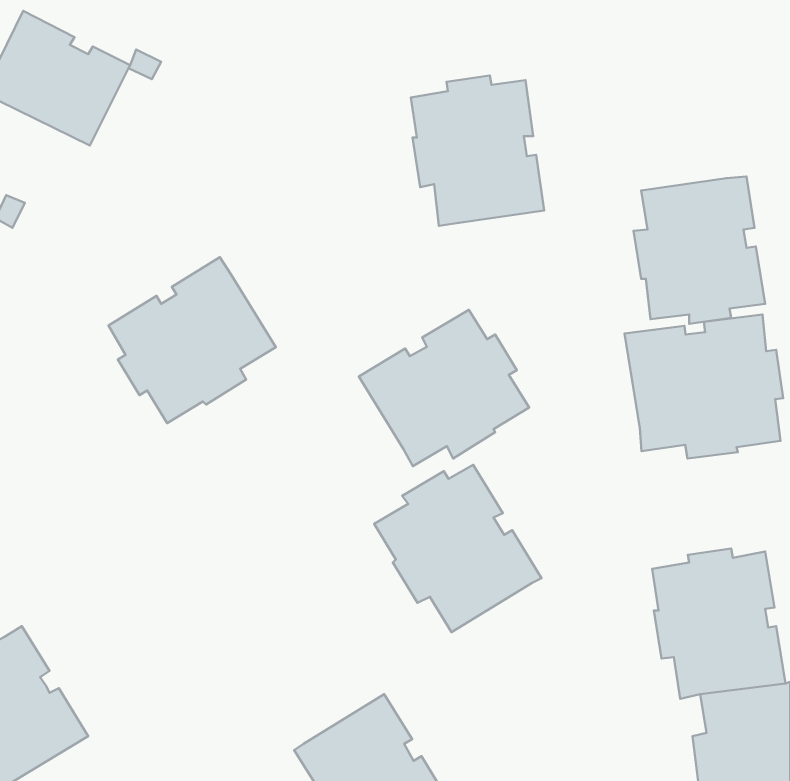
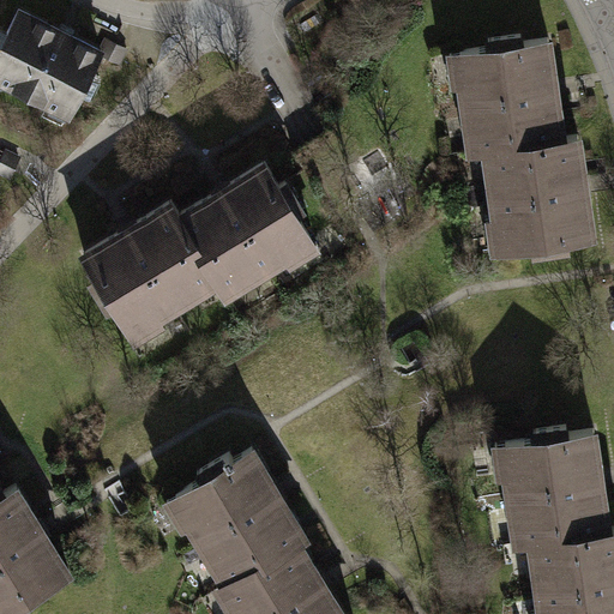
building: [411,76,544,226] -> [459,42,562,158]
building: [359,310,529,466] -> [179,169,311,290]
building: [624,314,783,459] -> none
building: [374,465,541,632] -> [175,455,305,584]

